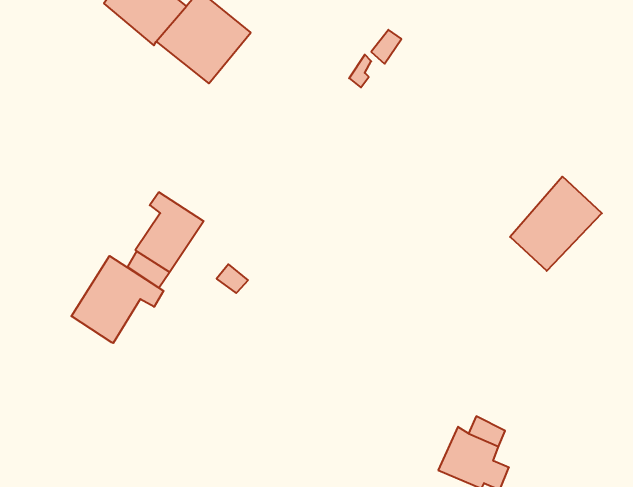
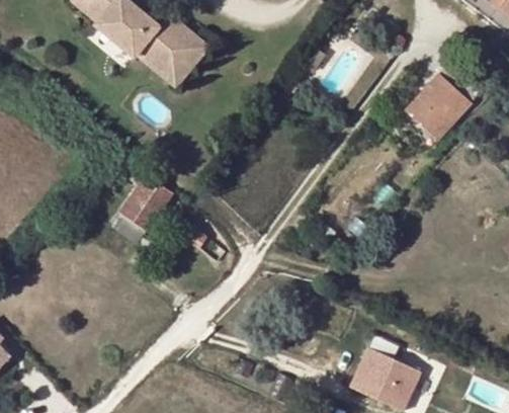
building: [510,177,602,271] -> [409,65,480,138]
building: [71,256,164,343] -> none

